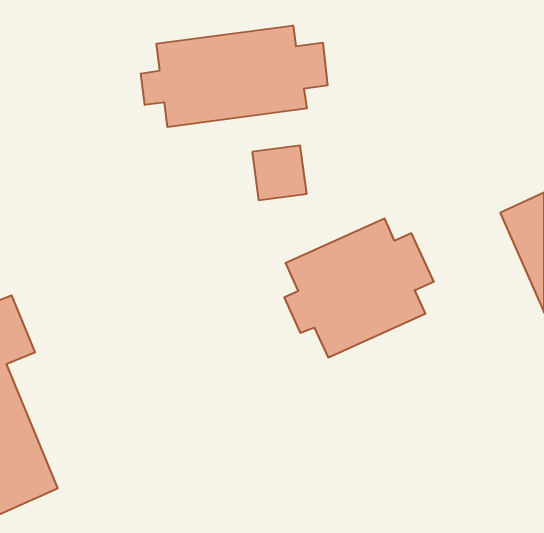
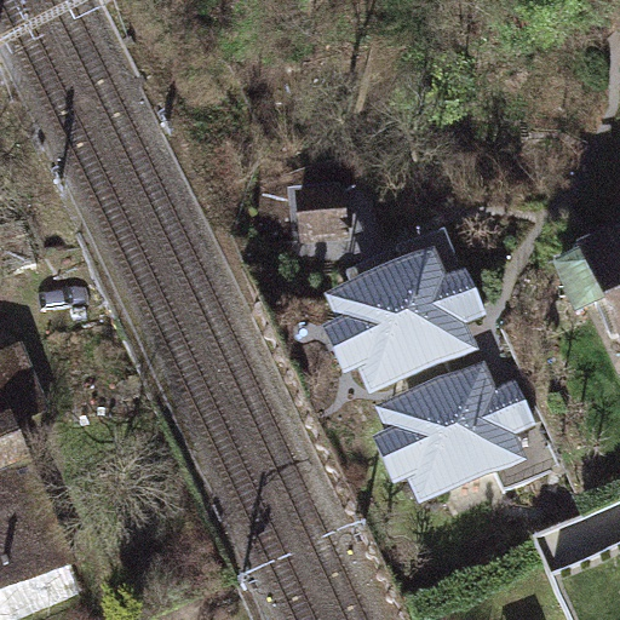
building: [141,25,328,127] -> none
building: none -> [364,355,535,507]

